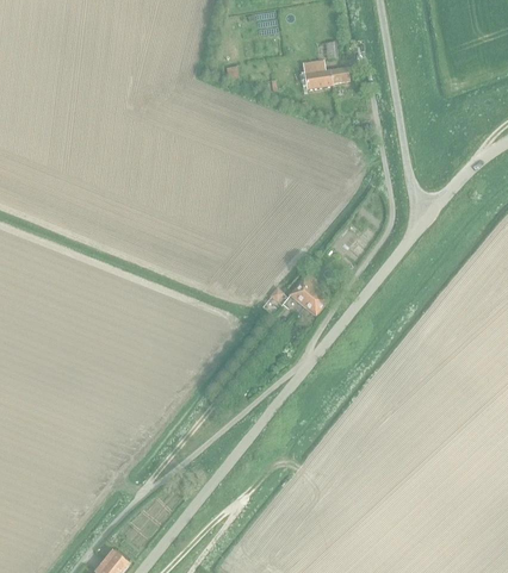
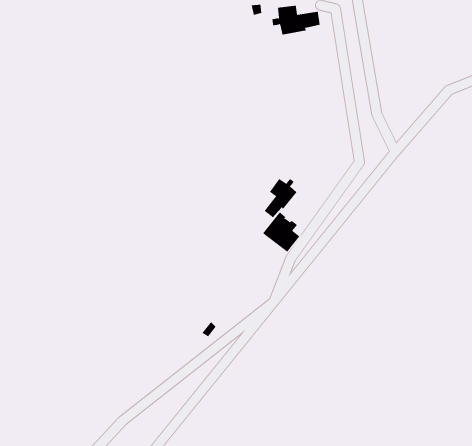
building: none -> [264,178,297,218]

